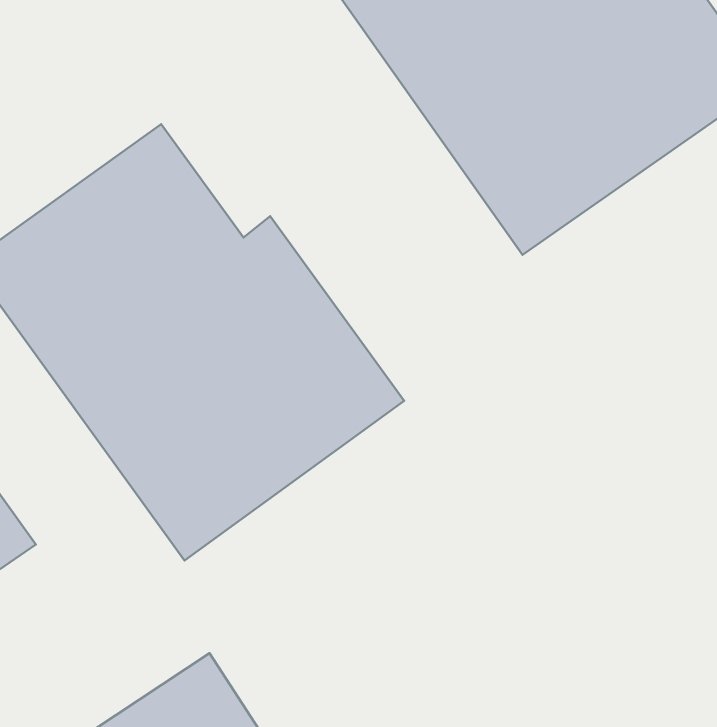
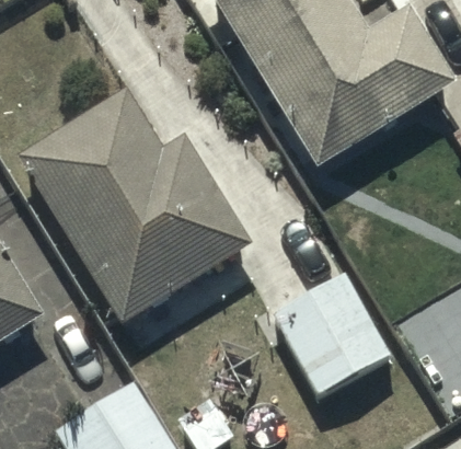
building: none -> [274,269,393,393]

